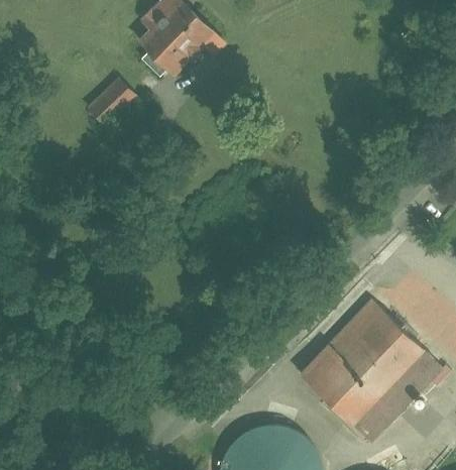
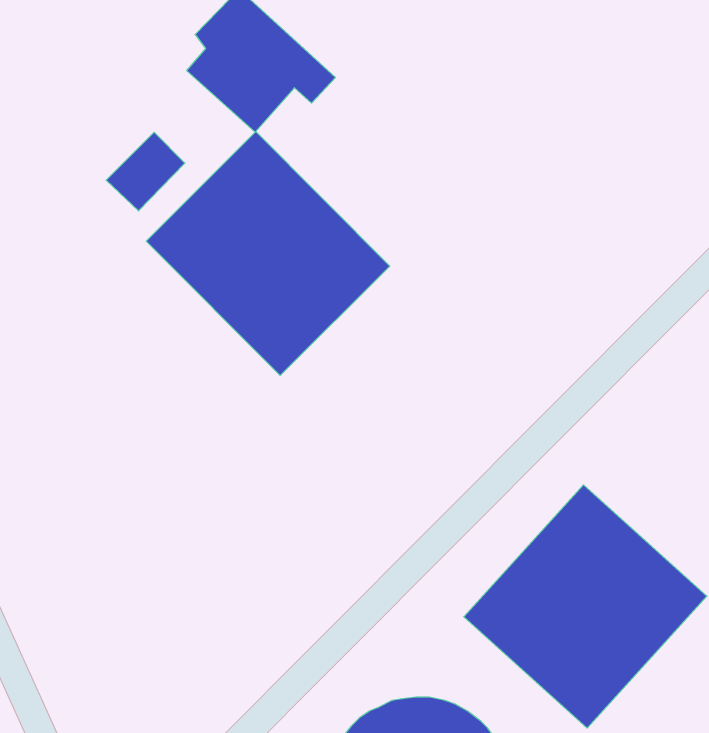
building: none -> [146,131,390,376]

